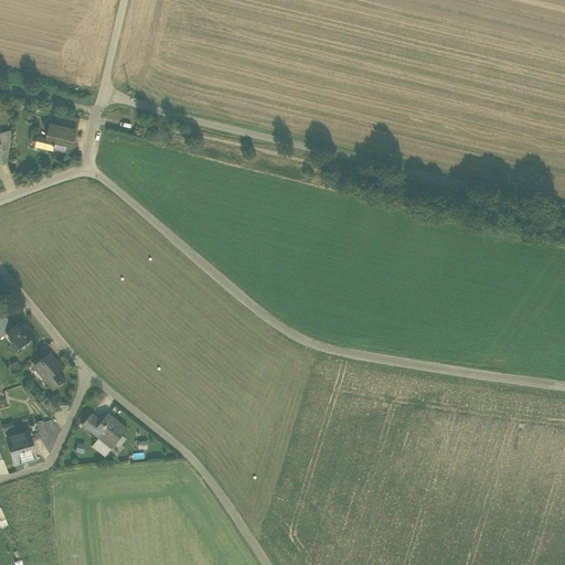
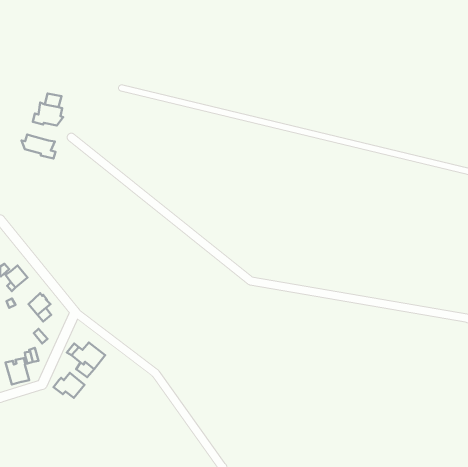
building: none -> [22,135,56,158]
building: none -> [53,373,85,398]

